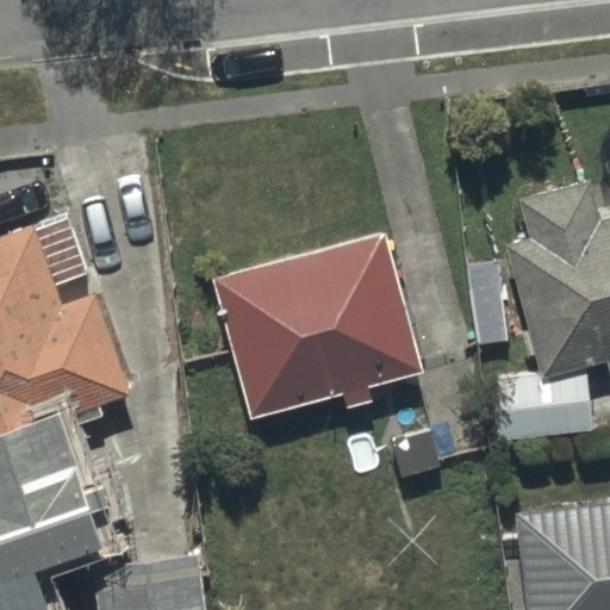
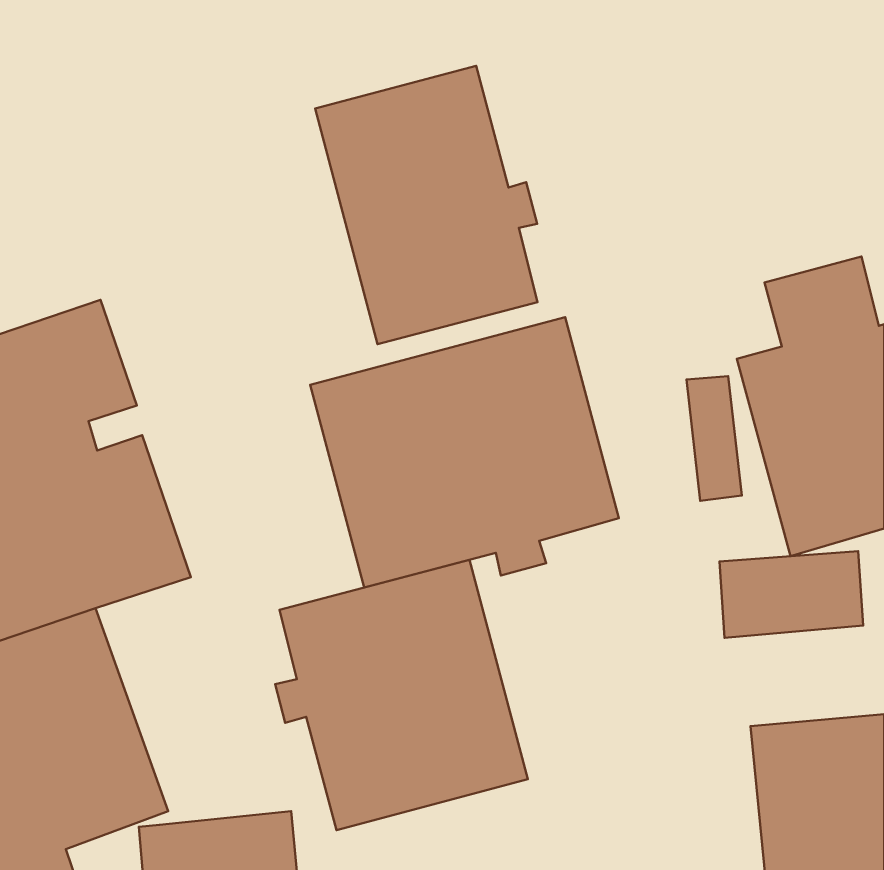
building: none -> [315,66,537,344]
building: none -> [275,560,528,830]

